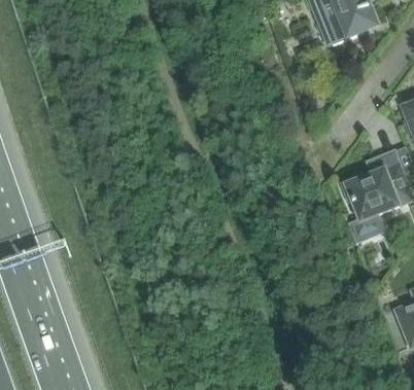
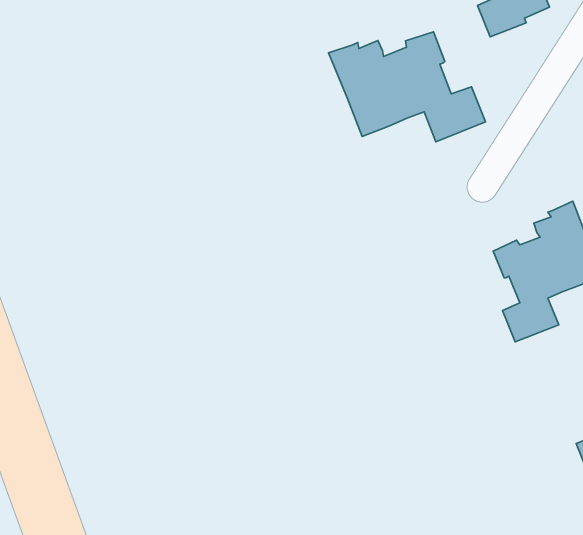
building: none -> [329,32,485,142]

